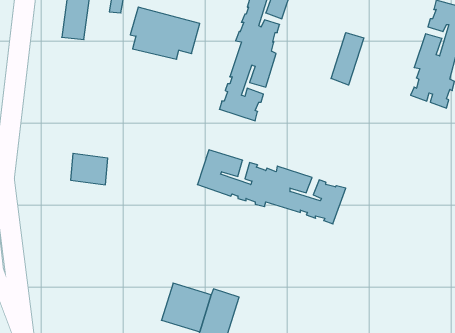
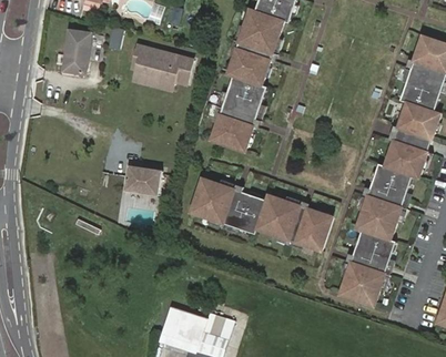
building: [331,33,364,85] -> none
building: none -> [343,139,427,304]
building: [71,153,108,185] -> [124,163,160,193]

